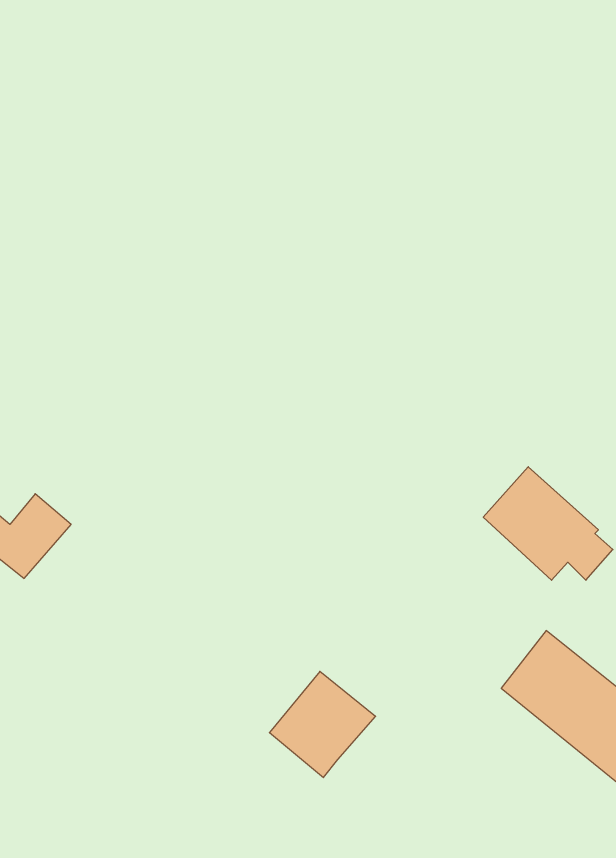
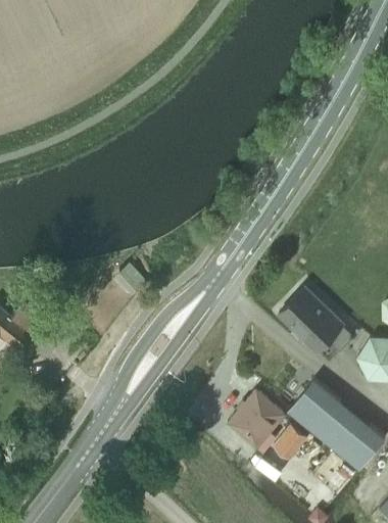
building: [269,671,376,778] -> [228,390,288,450]
building: none -> [274,425,308,461]

